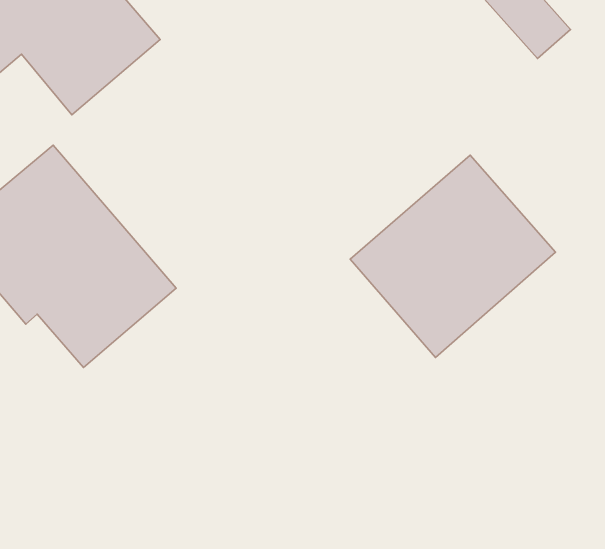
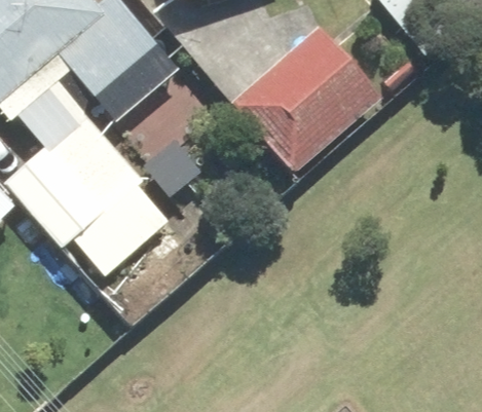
building: [350,155,556,358] -> [232,28,378,172]

